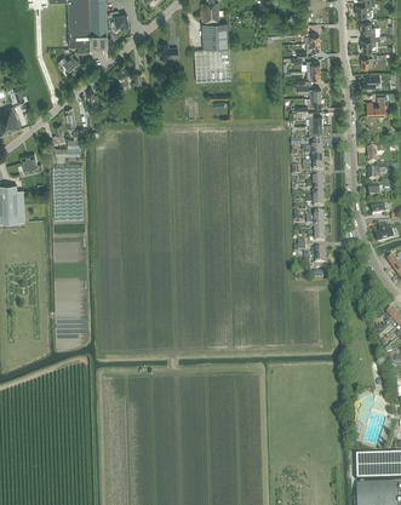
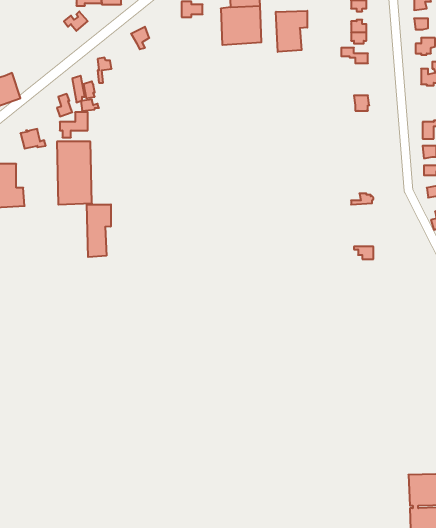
building: none -> [276,11,307,52]
building: none -> [87,204,111,257]

